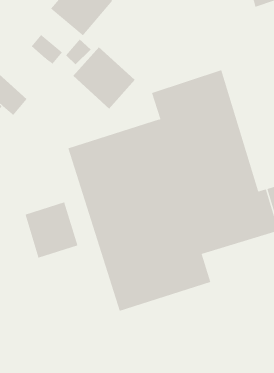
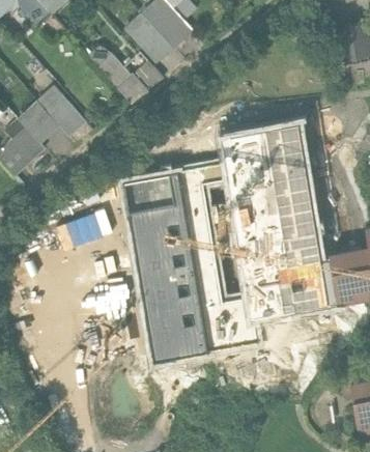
building: [72,46,136,109] -> none
building: [25,202,78,258] -> none

